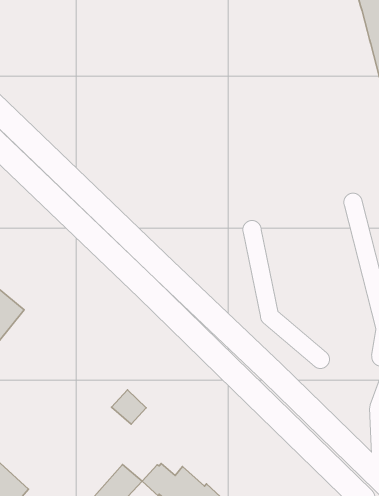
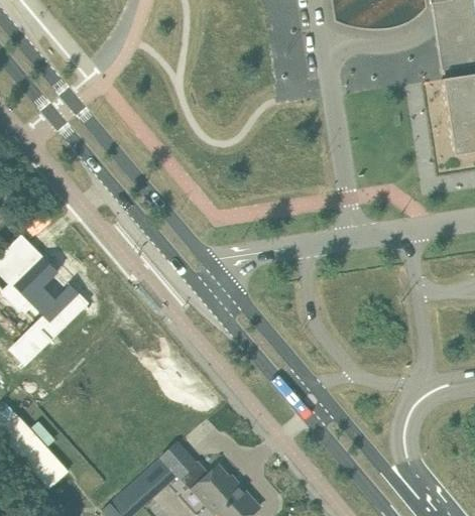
building: [111,390,146,424] -> [161,443,195,477]

